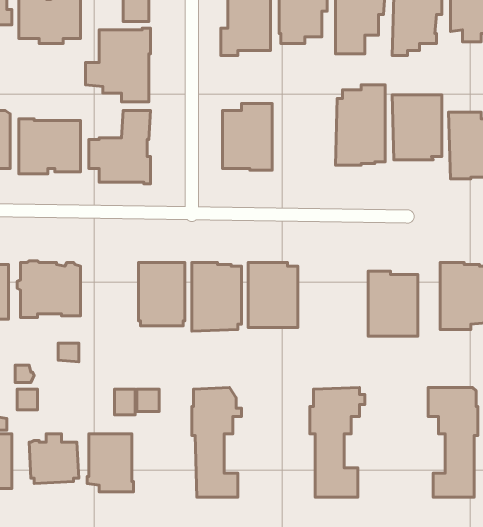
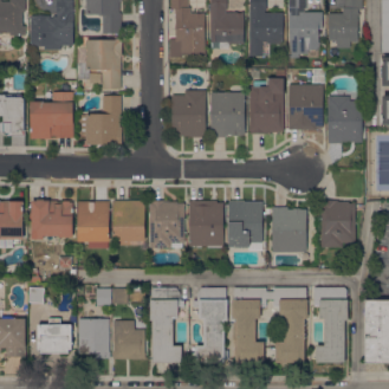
building: none -> [209,92,244,136]
building: none -> [77,200,109,247]
building: none -> [227,200,262,248]
building: none -> [268,286,306,362]
building: none -> [190,287,227,362]
building: none -> [112,319,144,358]

